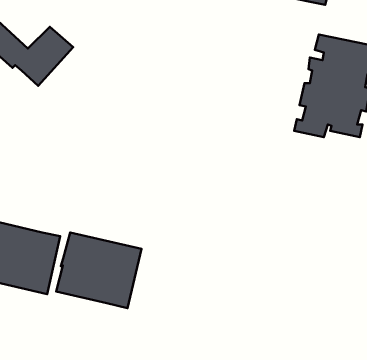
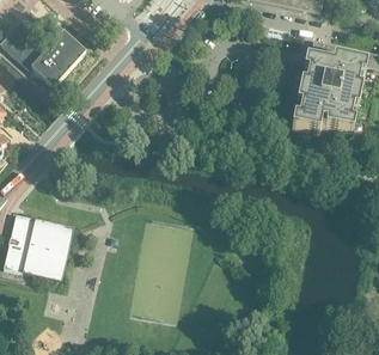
building: [56,232,142,308] -> none

